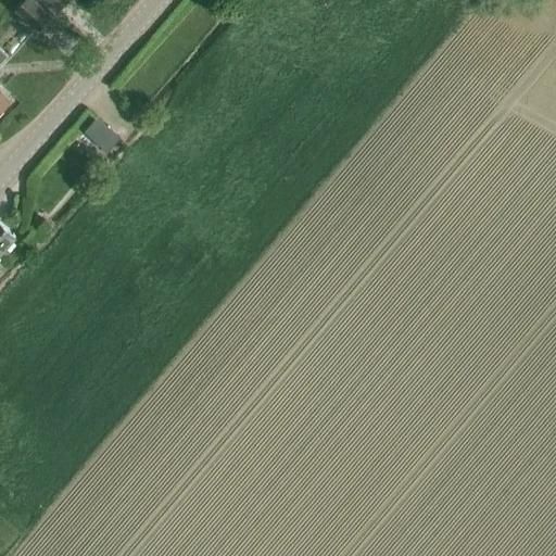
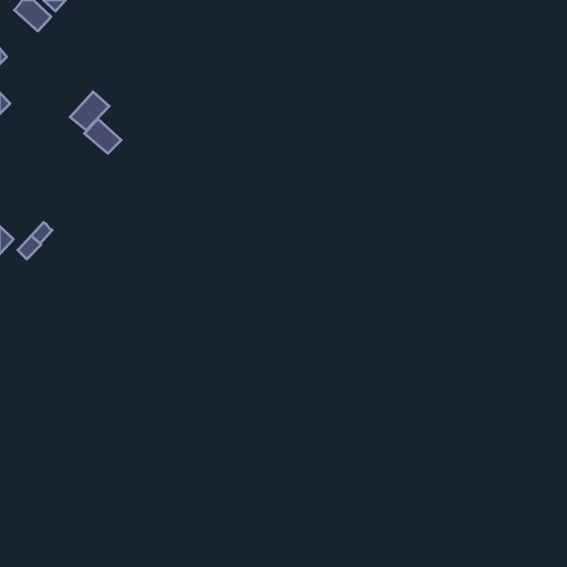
building: none -> [70,92,109,130]

